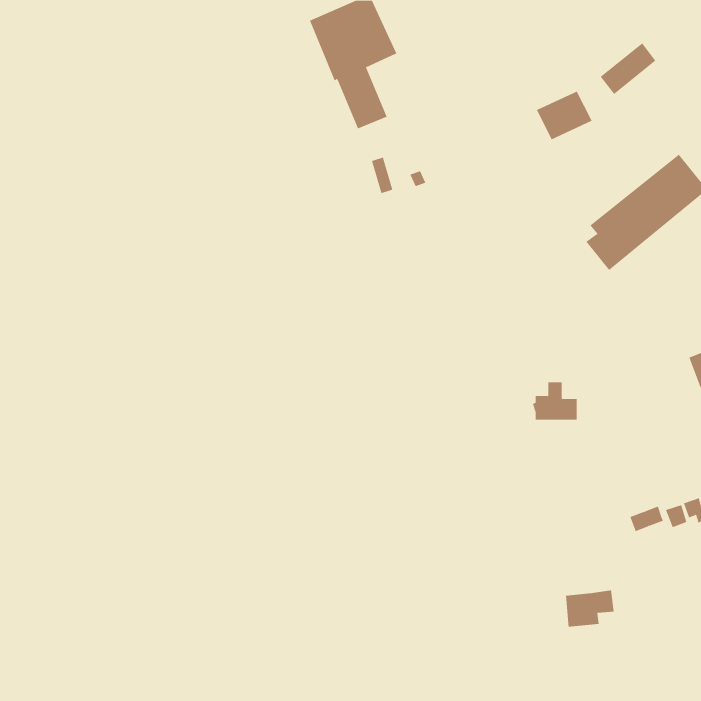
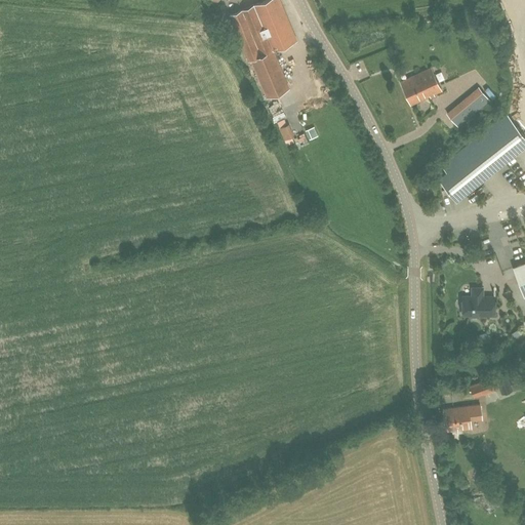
building: [600,43,656,95] -> [448,88,490,127]
building: [532,382,578,420] -> [461,287,495,316]
building: [565,590,615,627] -> [445,404,482,432]

